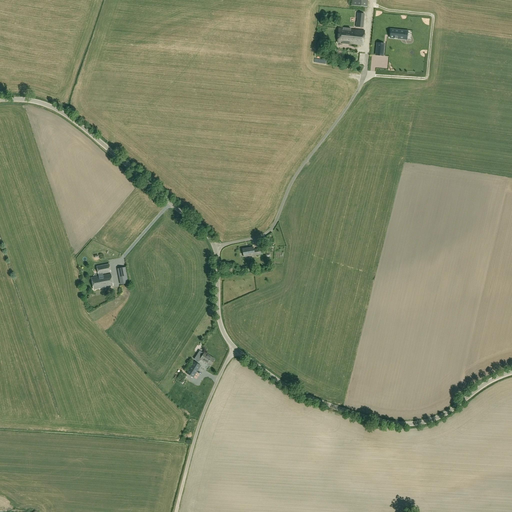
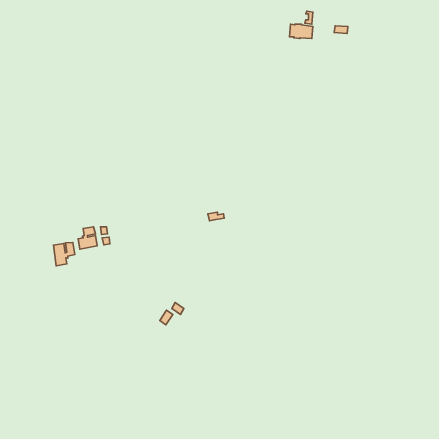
building: none -> [53,242,75,266]

